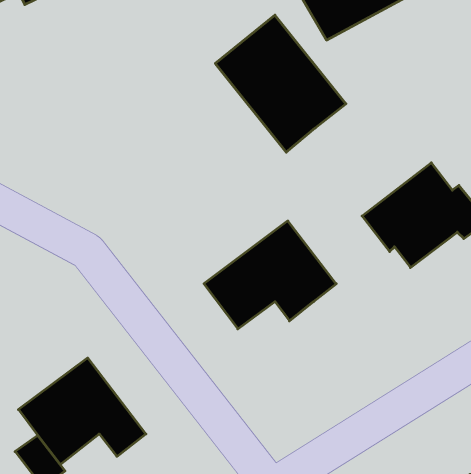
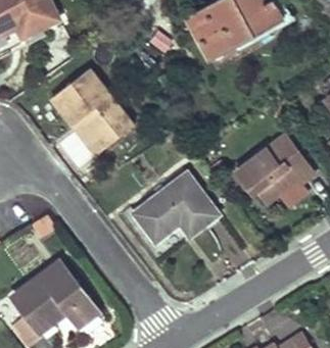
building: [215,15,346,152] -> [51,68,134,155]

